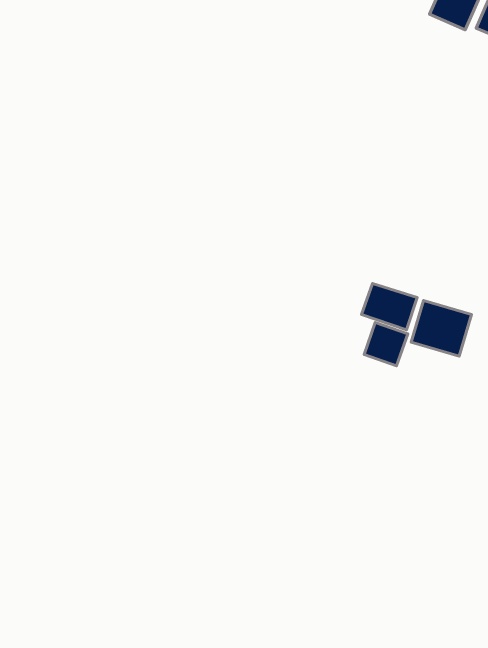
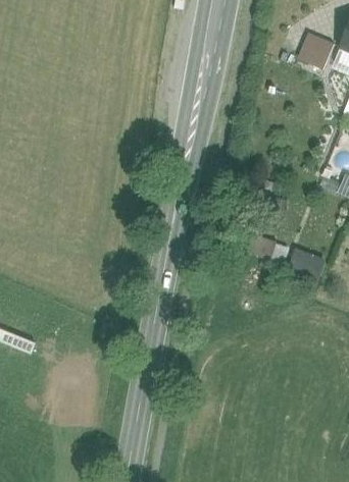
building: [364,323,408,366] -> none

